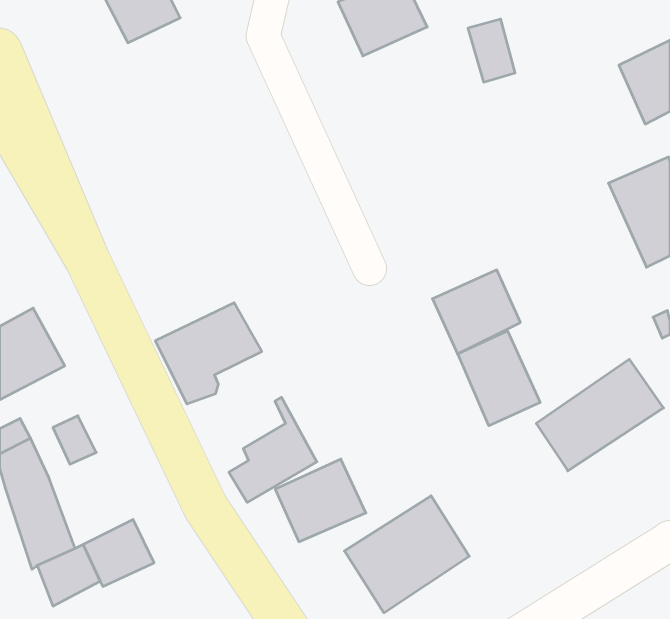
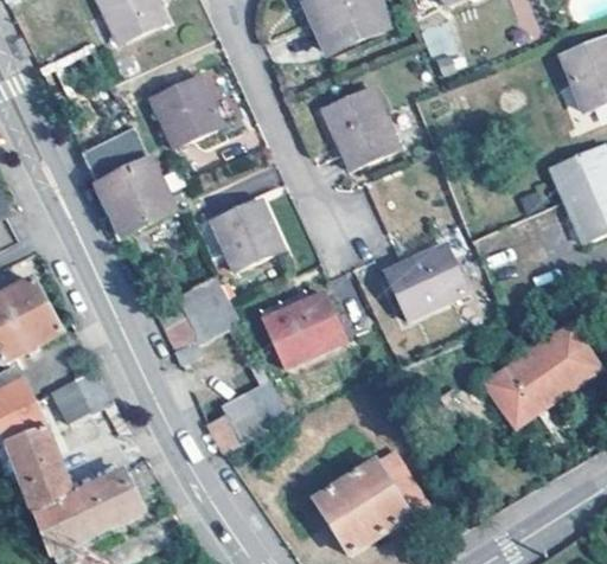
building: none -> [152,75,221,145]
building: none -> [324,89,397,168]
building: none -> [78,128,174,239]
building: none -> [212,197,285,269]
building: [458,331,540,426] -> none
building: [275,459,366,542] -> [267,294,349,368]

